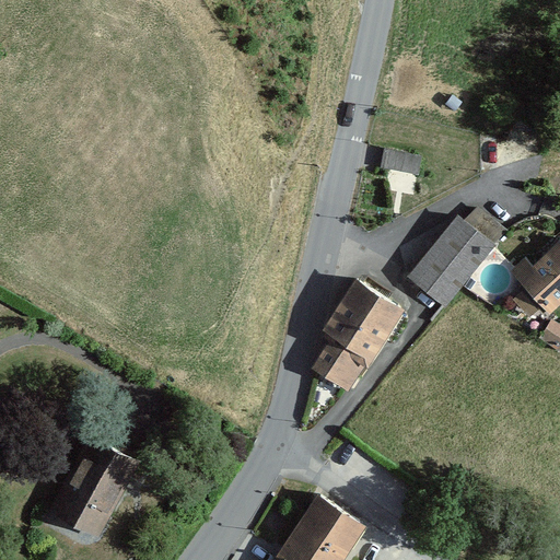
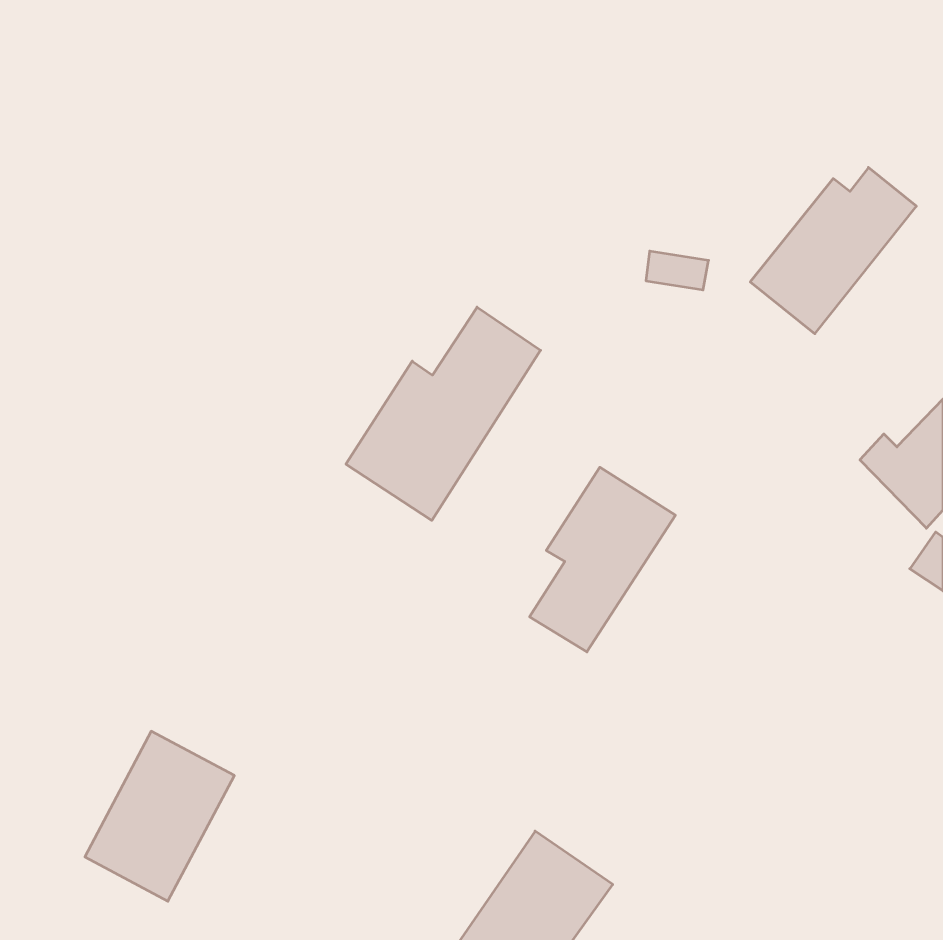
building: none -> [346,307,541,520]
building: [408,208,506,306] -> [750,167,916,334]

